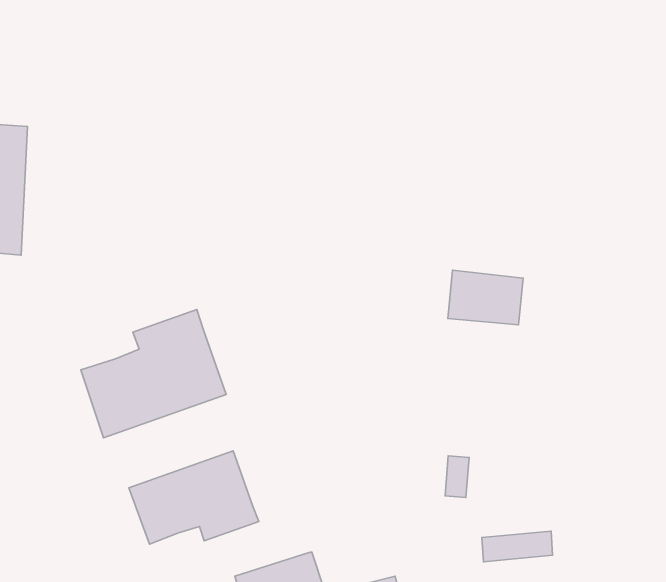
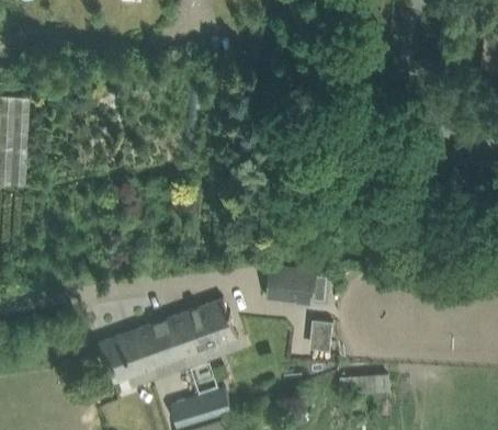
building: [448,270,523,325] -> [264,265,316,303]
building: [81,309,226,438] -> none
building: none -> [169,301,229,366]

